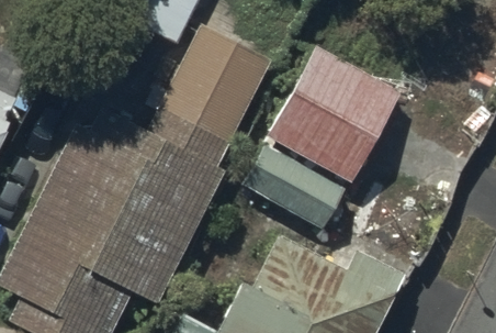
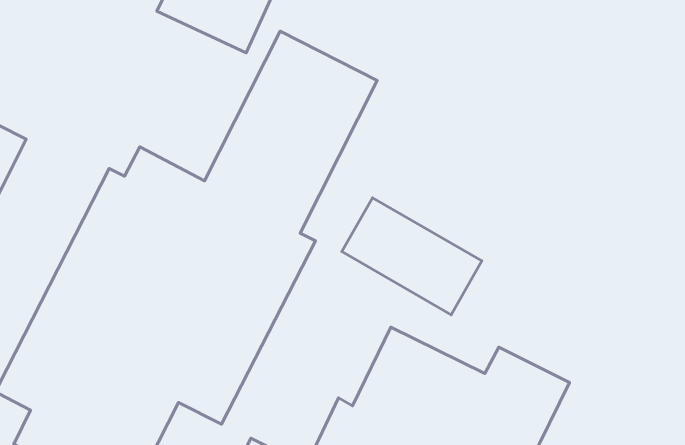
building: [267,45,404,184] -> none

